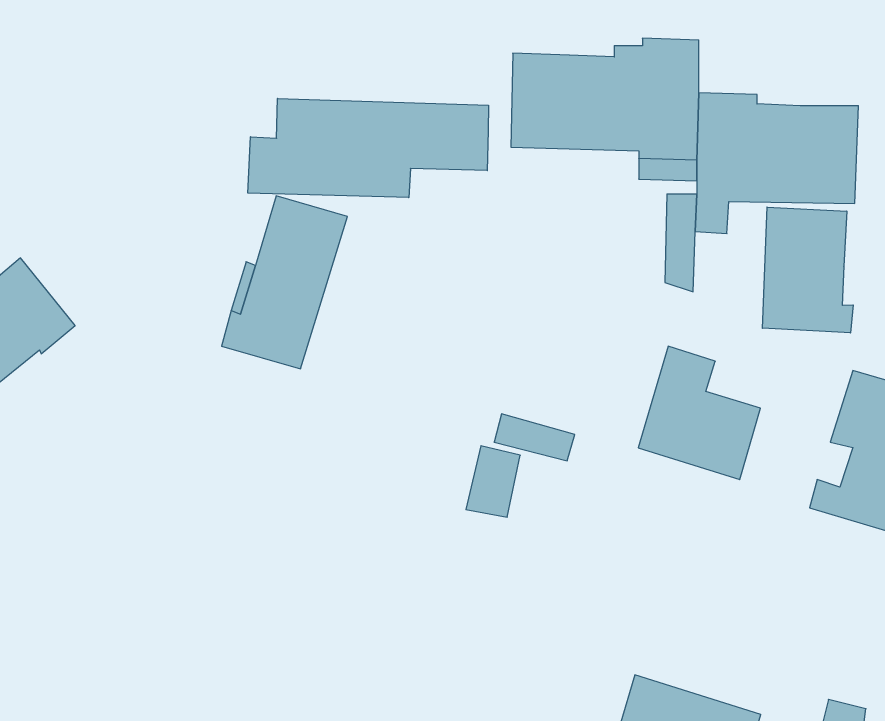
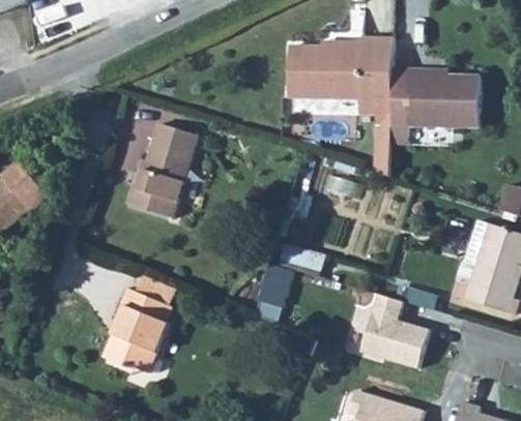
building: [248,98,488,198] -> none
building: [762,207,853,333] -> none
building: [638,346,760,480] -> [364,295,431,368]
building: none -> [103,275,176,372]

